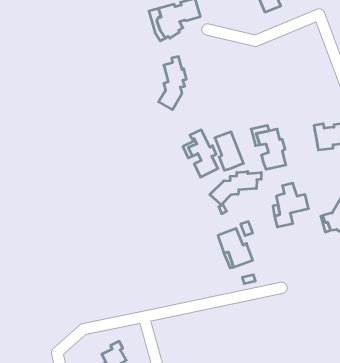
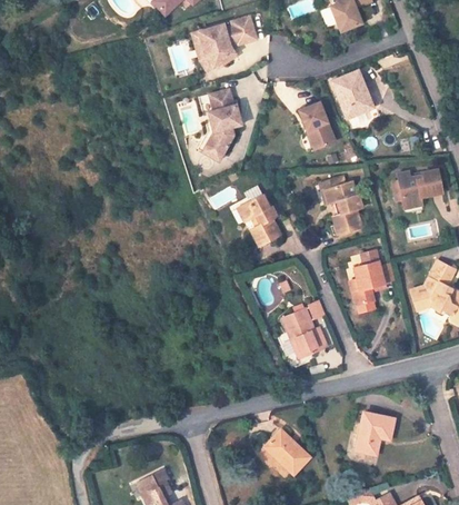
building: none -> [331,71,373,118]
building: [215,132,244,170] -> [299,103,336,152]
building: [210,171,261,205] -> none
building: none -> [352,412,391,454]
building: none -> [262,427,308,471]

